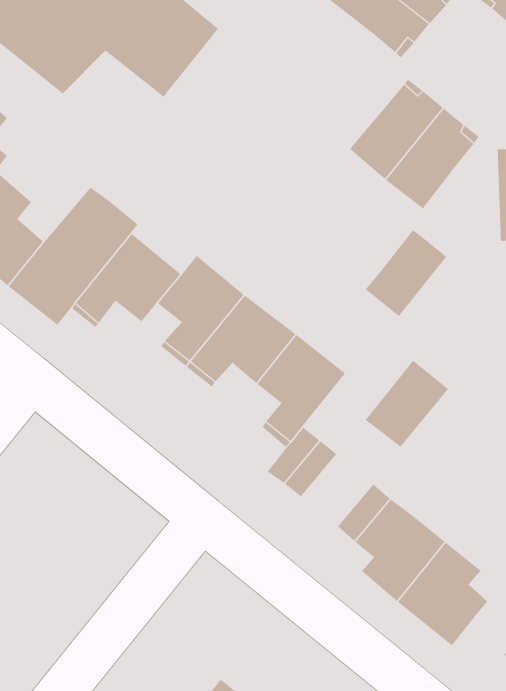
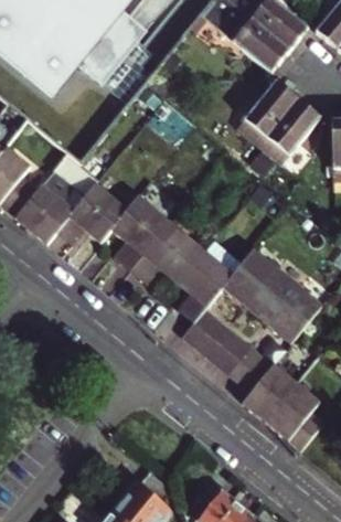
building: [365,229,447,317] -> [223,247,276,303]
building: none -> [268,284,322,341]
building: none -> [204,326,251,372]

